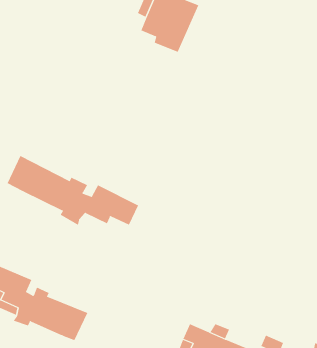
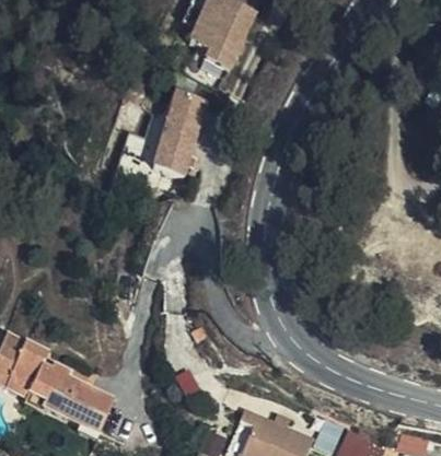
building: none -> [153,90,210,174]
building: [7,155,139,226] -> none

